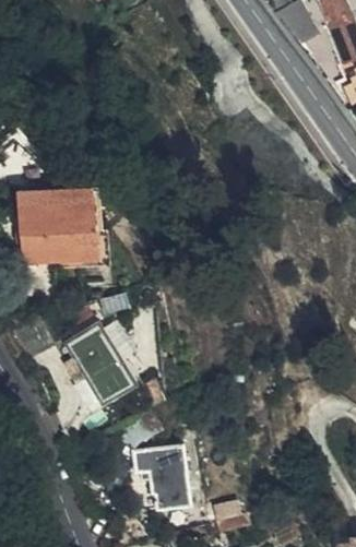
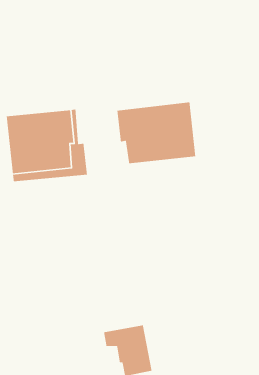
building: none -> [117,102,196,164]
building: [69,323,137,399] -> none

